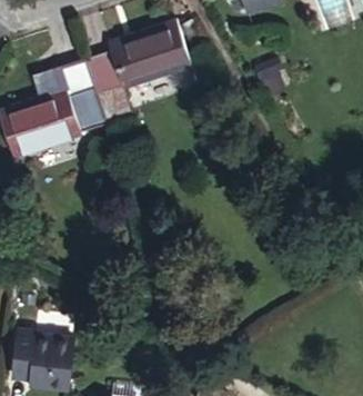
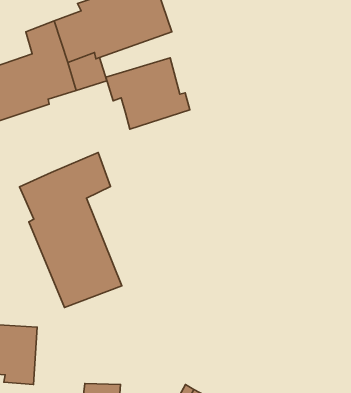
building: none -> [106,58,190,129]
building: none -> [20,152,122,307]

